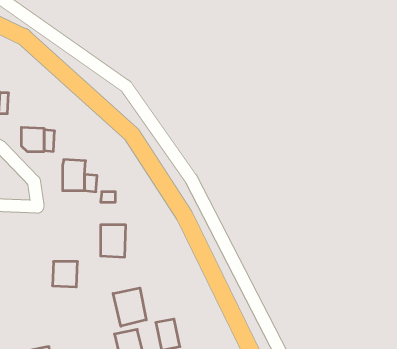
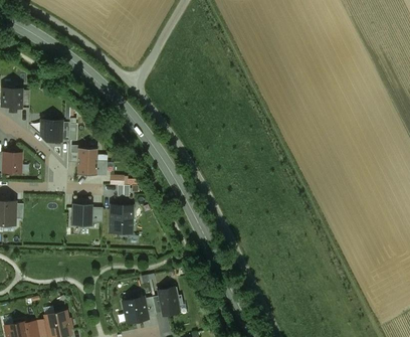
building: [52,262,78,287] -> [71,204,93,226]
building: [113,288,146,326] -> none

